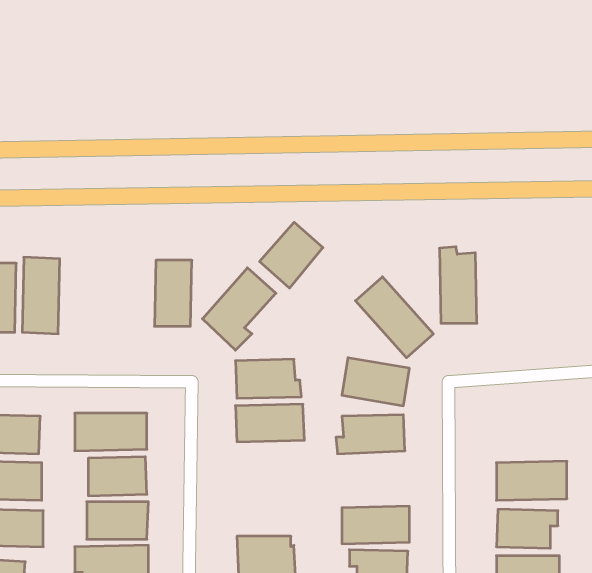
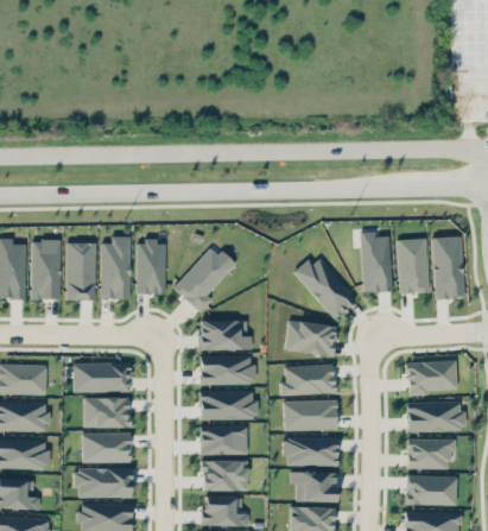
building: [260,222,323,288] -> none
building: none -> [101,236,131,299]
building: none -> [432,236,463,301]
building: none -> [397,239,427,295]
building: none -> [65,244,95,301]
building: none -> [406,361,456,393]
building: none -> [199,391,255,421]
building: none -> [284,400,336,431]
building: none -> [199,426,247,455]

